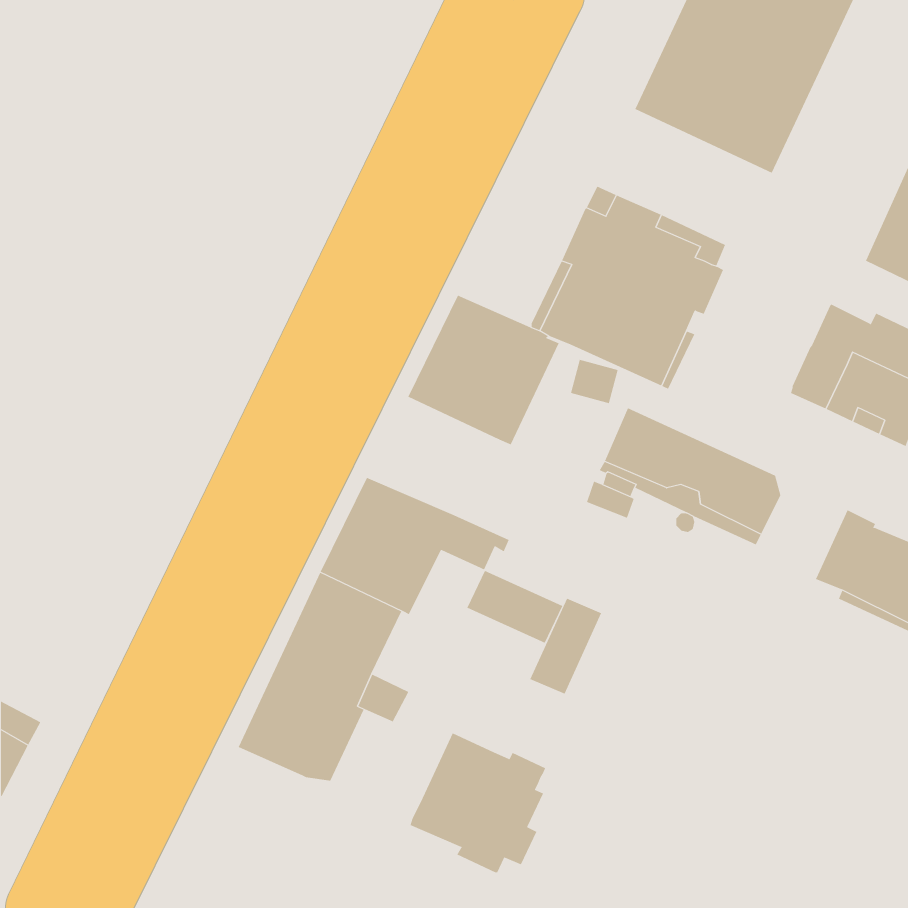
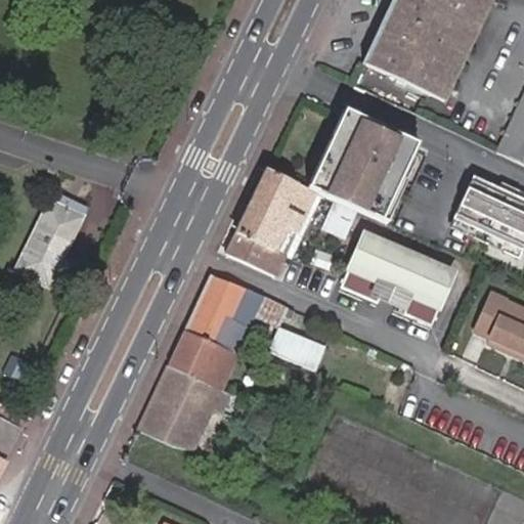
building: none -> [16,191,88,286]
building: none -> [225,227,289,274]
building: [530,598,602,695] -> none
building: [410,732,546,873] -> none

